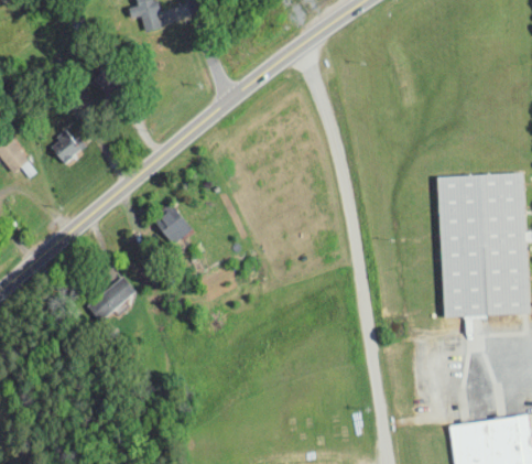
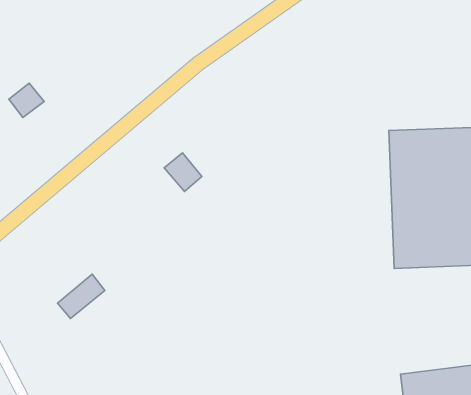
building: [153,205,192,245] -> [164,153,202,192]
building: [88,276,137,321] -> [58,274,105,318]

